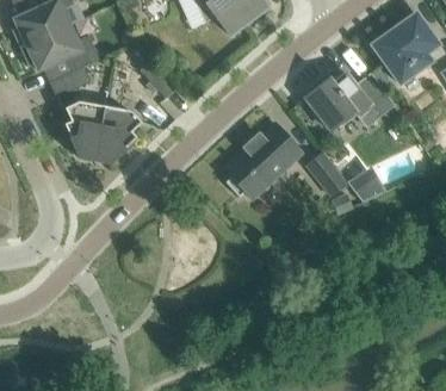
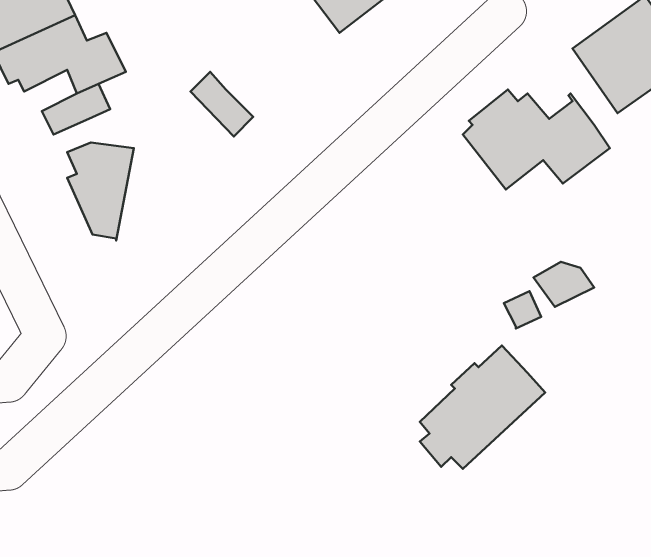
building: [94,105,142,162] -> none
building: [225,123,302,198] -> [420,346,545,469]
building: [306,151,346,194] -> none

